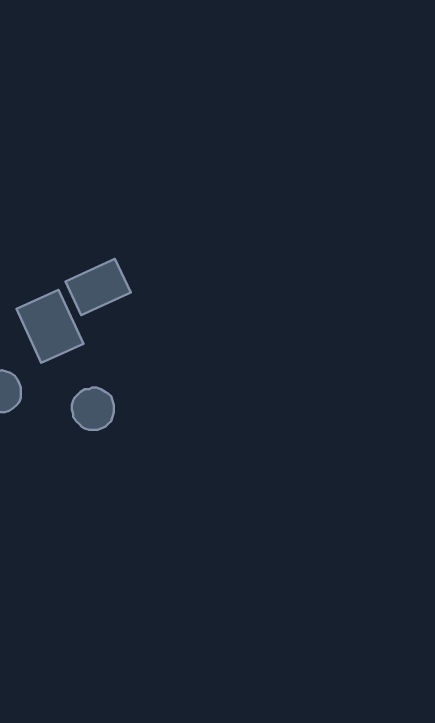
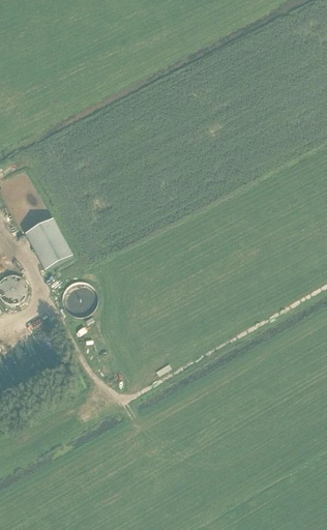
building: [65,259,131,315] -> none

